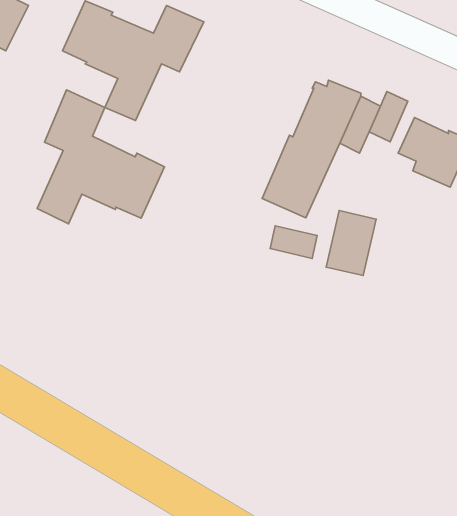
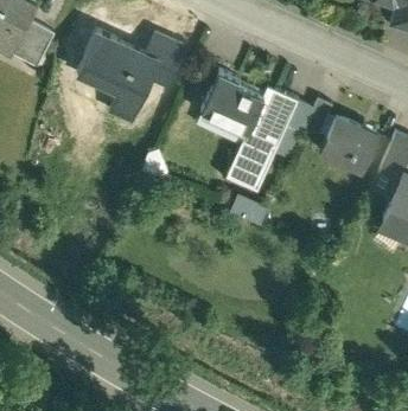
building: none -> [202,71,263,131]
building: [37,90,164,224] -> none
building: [326,211,376,276] -> none

